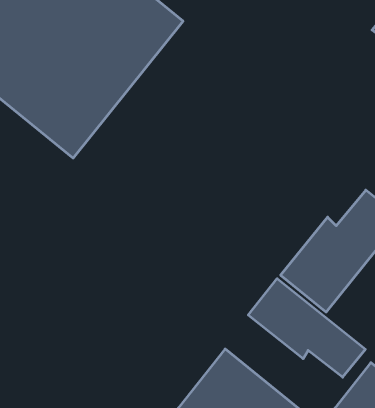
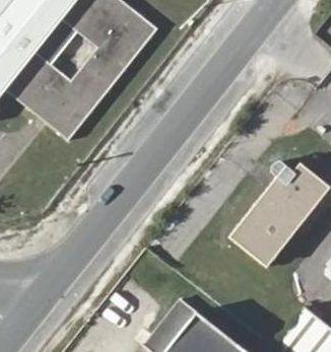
building: [248,279,365,377] -> none

